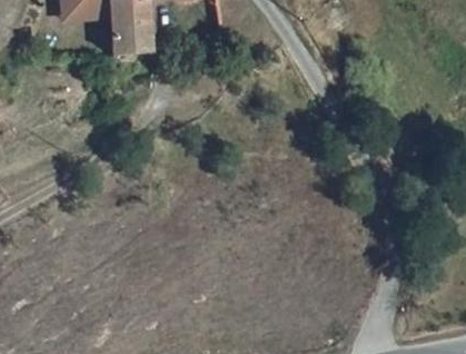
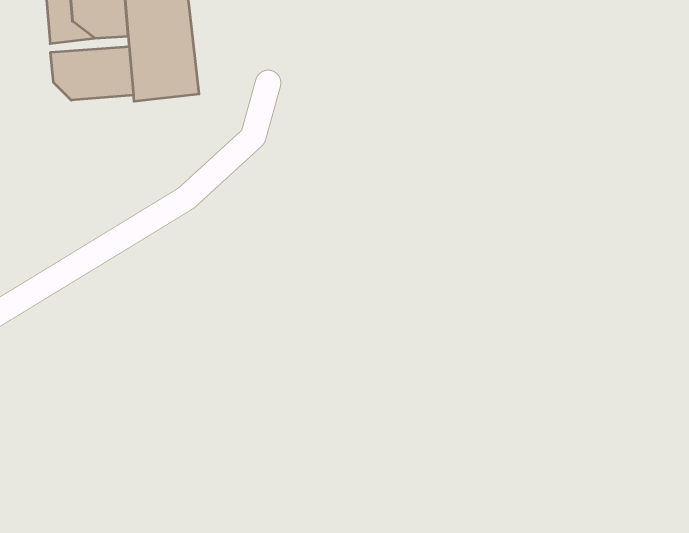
building: none -> [51,46,133,100]

